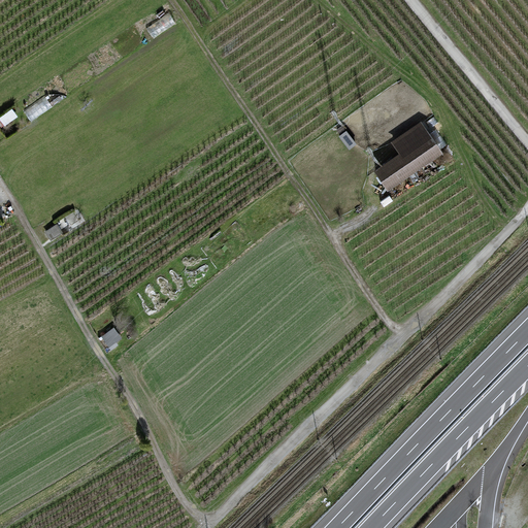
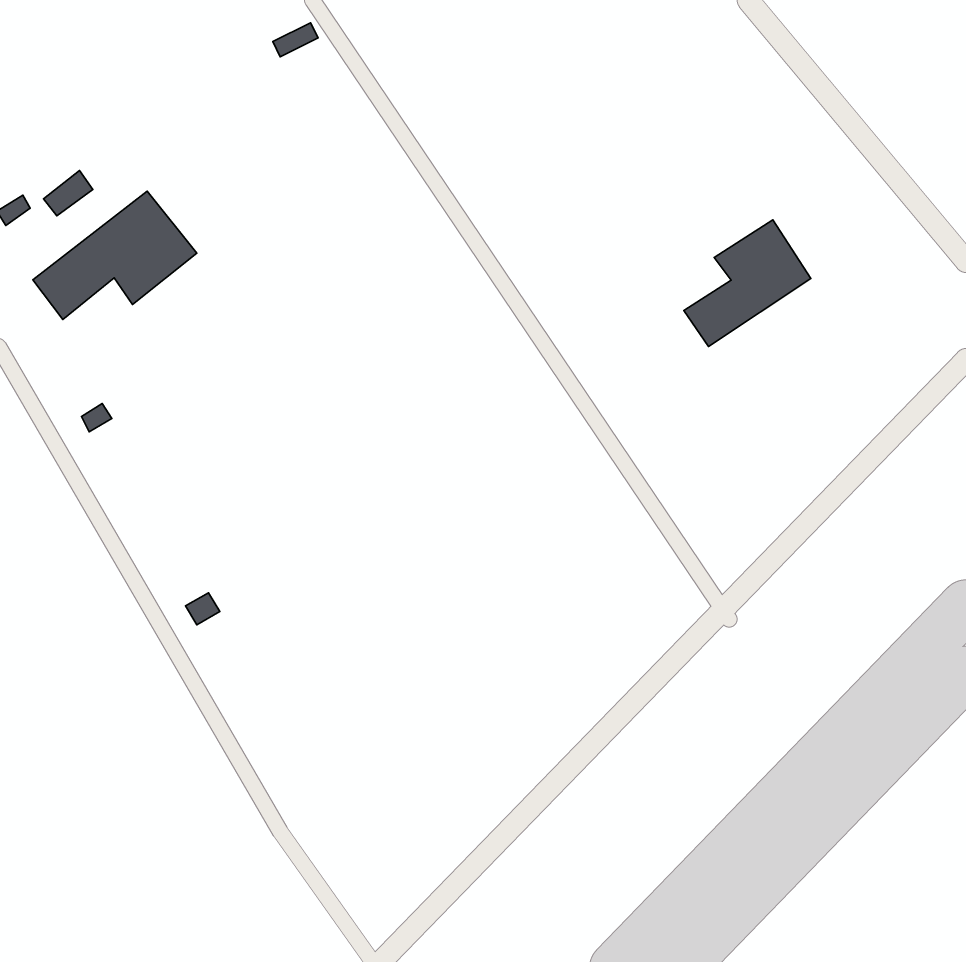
building: none -> [33,191,197,320]

